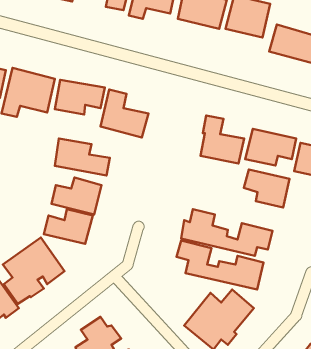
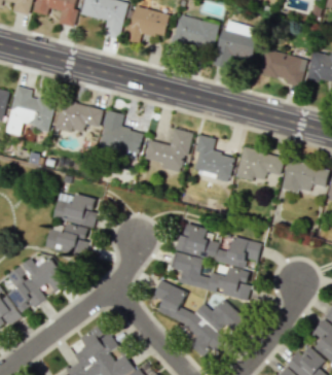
building: none -> [144,128,192,172]
building: [55,138,110,175] -> none
building: [244,170,289,207] -> none
building: none -> [151,280,191,323]

